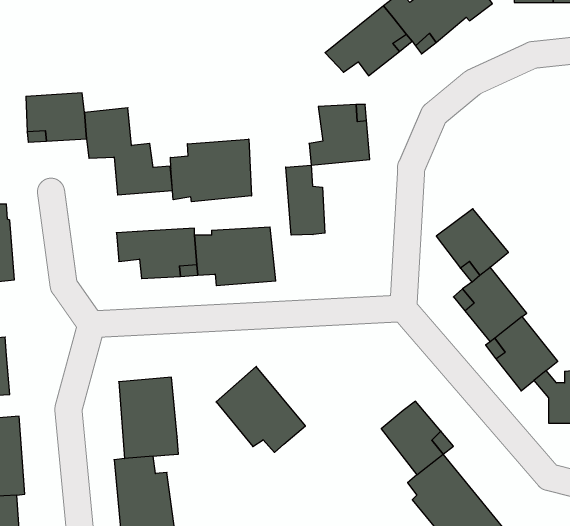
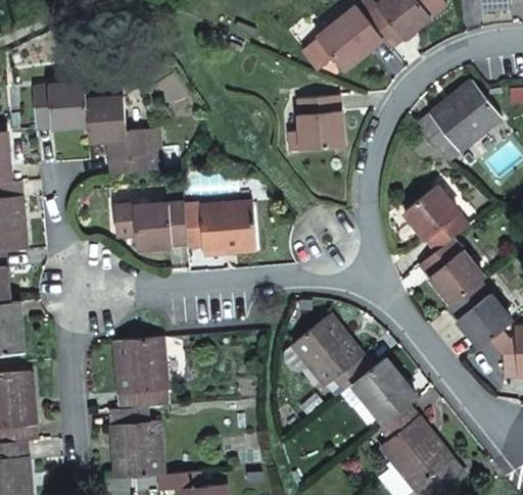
building: none -> [415,82,498,161]
building: [170,139,251,202] -> none
building: [286,165,325,235] -> none
building: [216,366,305,452] -> [291,313,371,390]

